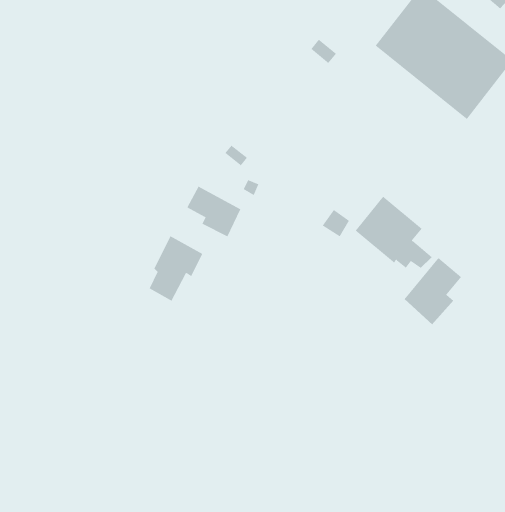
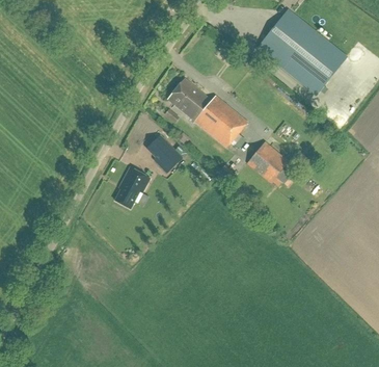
building: none -> [166,77,247,146]
building: [404,257,462,325] -> none

